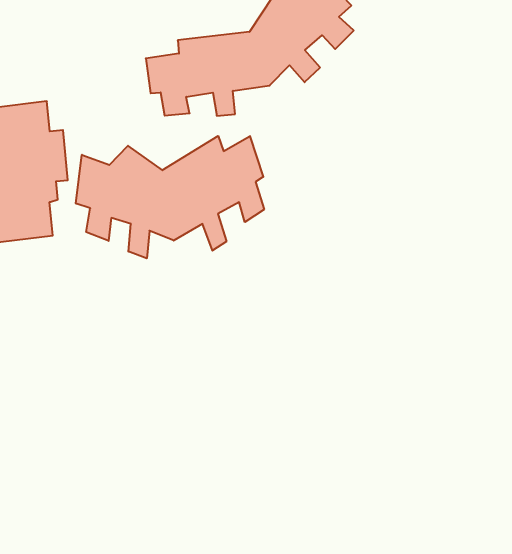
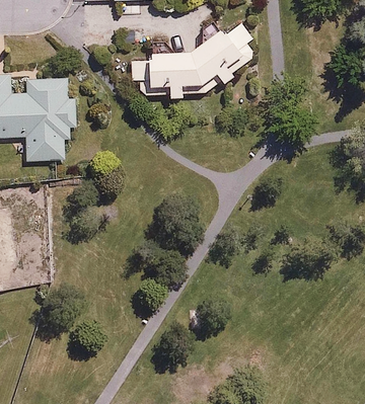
building: [76,136,264,258] -> none

